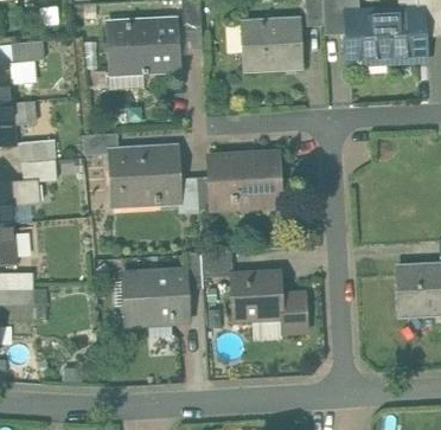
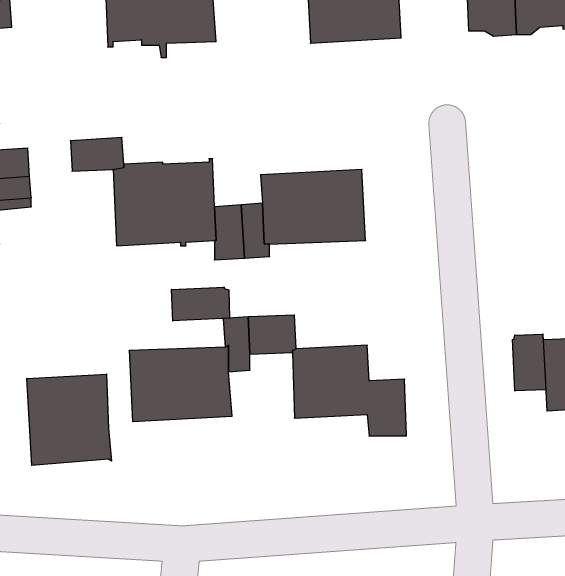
building: none -> [172,287,230,321]
building: none -> [512,334,546,391]
building: none -> [27,374,111,465]

